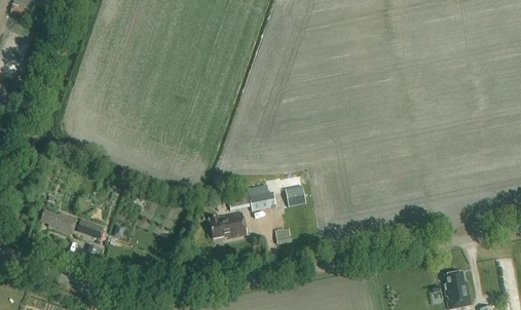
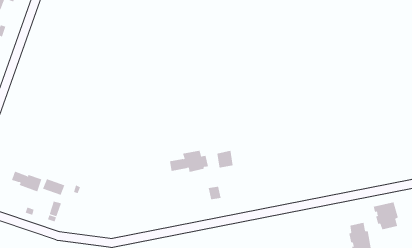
building: [208,211,247,238] -> none
building: none -> [373,201,399,230]

